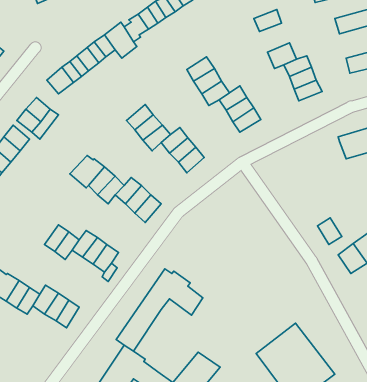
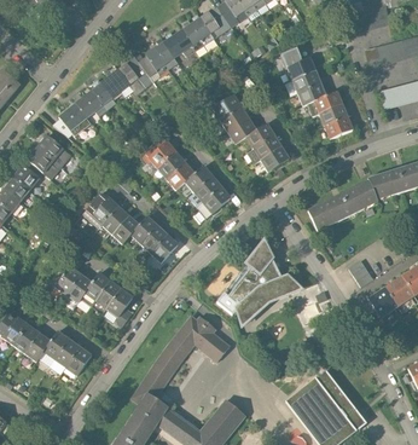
building: none -> [286,56,318,86]
building: none -> [307,179,378,230]
building: none -> [226,238,301,325]

